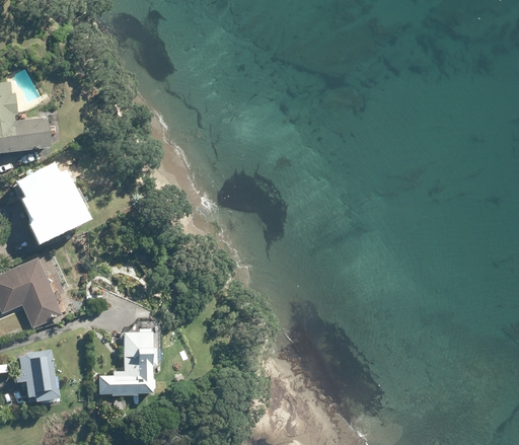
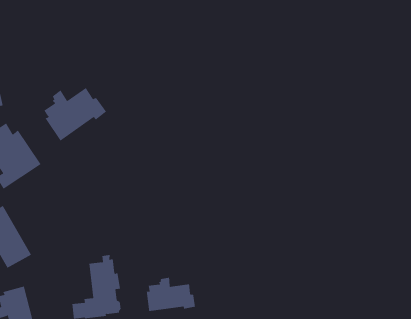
building: none -> [43,87,107,142]
building: none -> [146,277,195,312]

